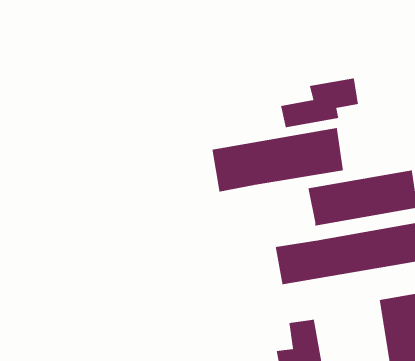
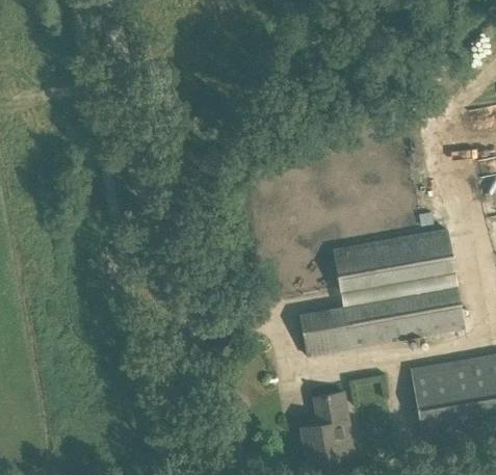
building: [280,78,359,128] -> none
building: [212,127,344,192] -> none

